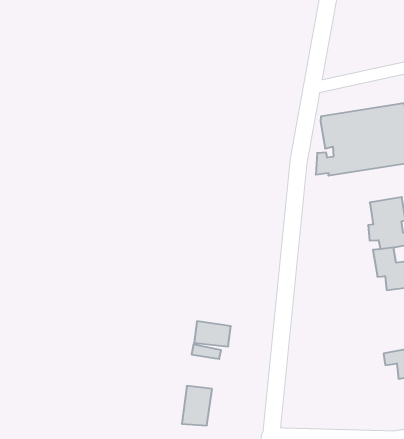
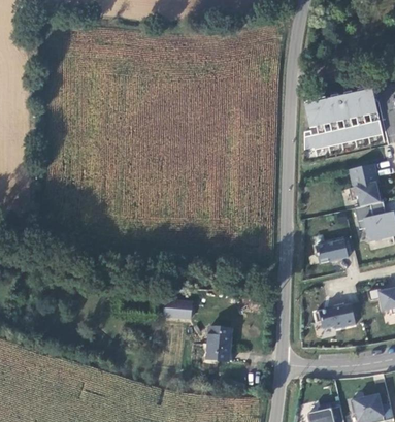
building: none -> [315,238,348,263]
building: [194,321,231,346] -> [164,301,193,320]
building: none -> [315,303,355,329]

